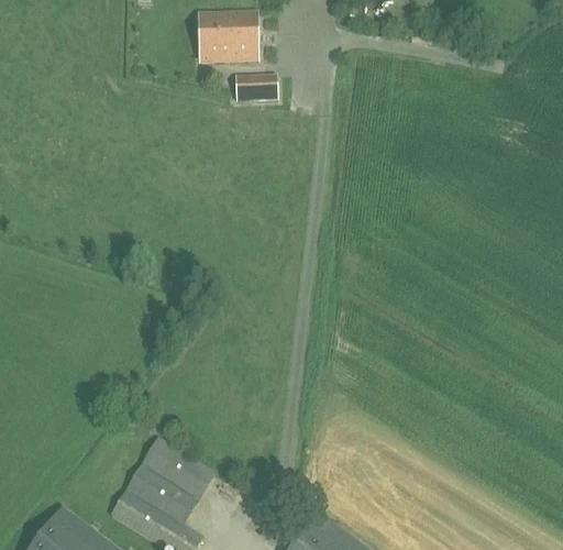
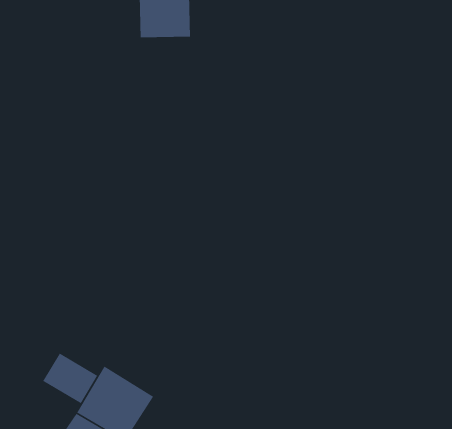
building: [251,75,277,102] -> none
building: none -> [42,353,98,404]

